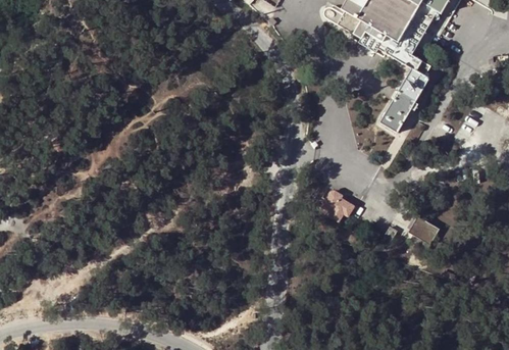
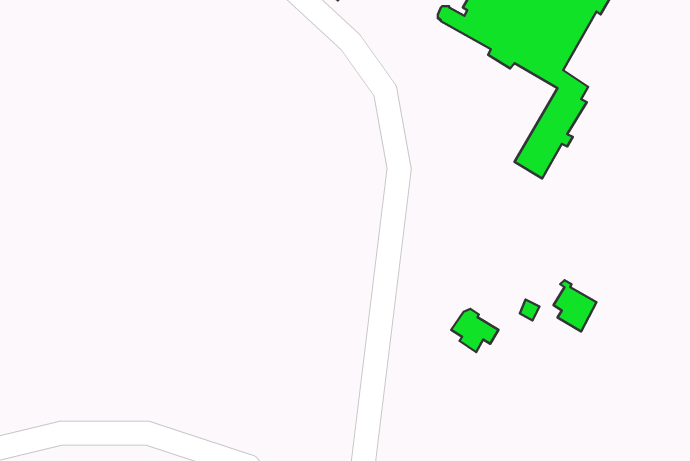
building: [320,188,355,219] -> [451,309,498,352]

